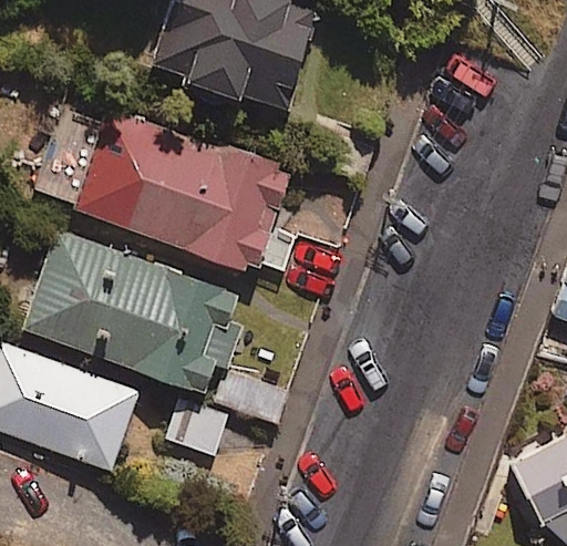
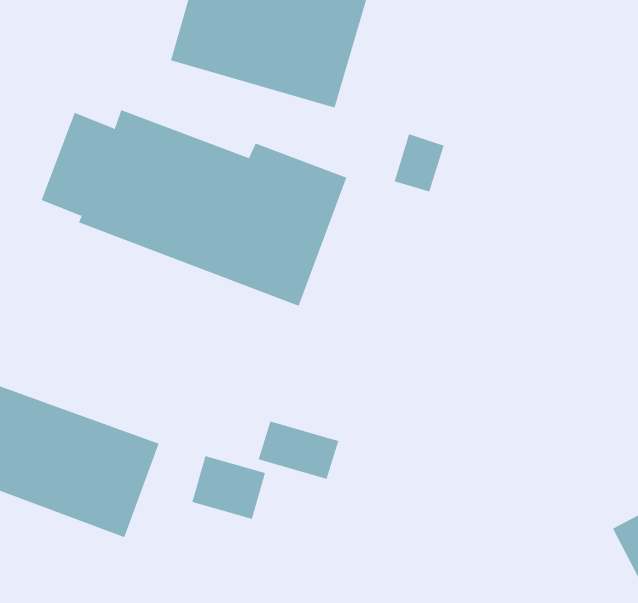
building: [21,229,240,392] -> none

